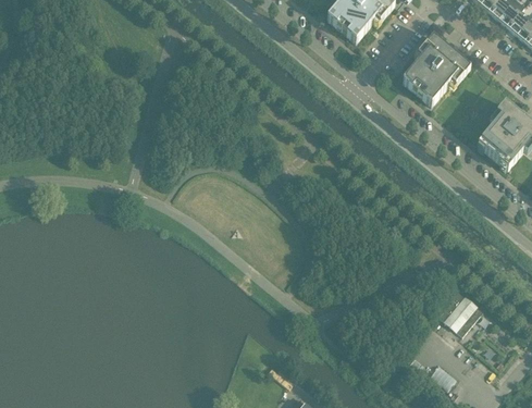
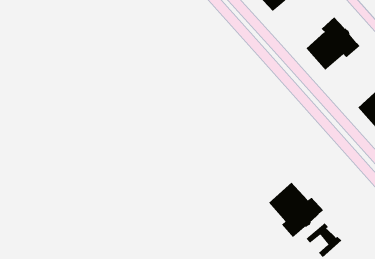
building: none -> [268,182,324,238]

